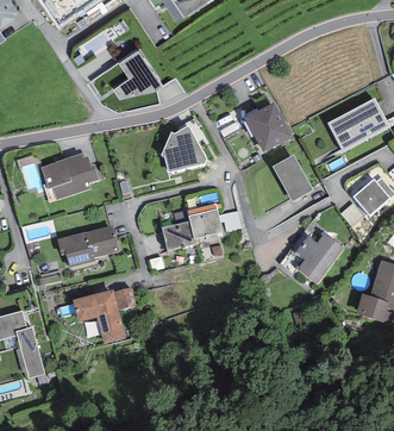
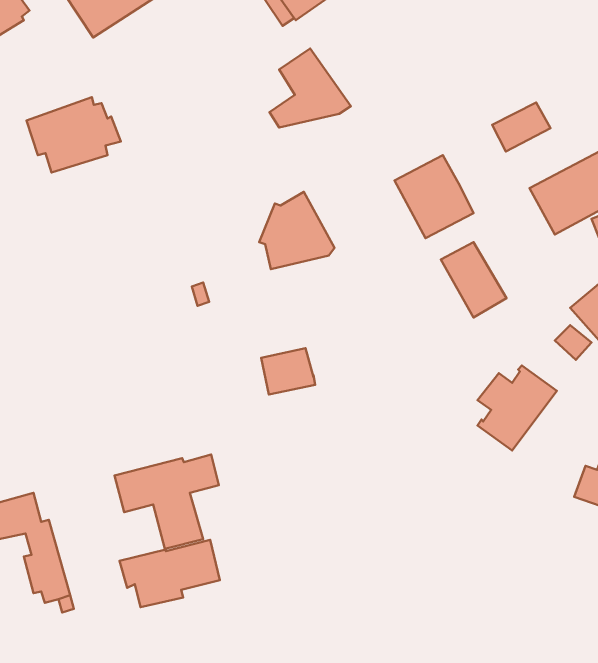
building: [113,50,163,99] -> [270,48,351,127]
building: none -> [492,103,550,152]
building: [40,152,99,199] -> [26,97,121,173]
building: [187,202,223,238] -> none
building: [56,225,118,267] -> [119,540,220,607]

